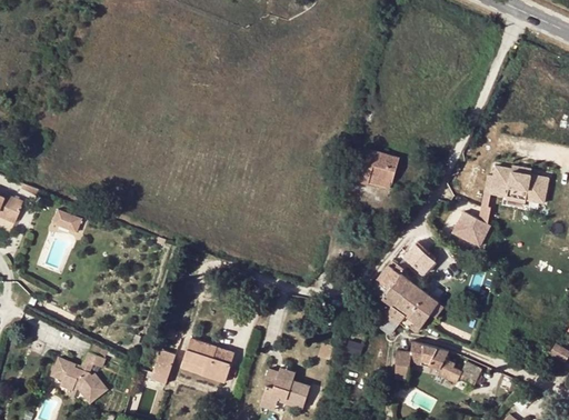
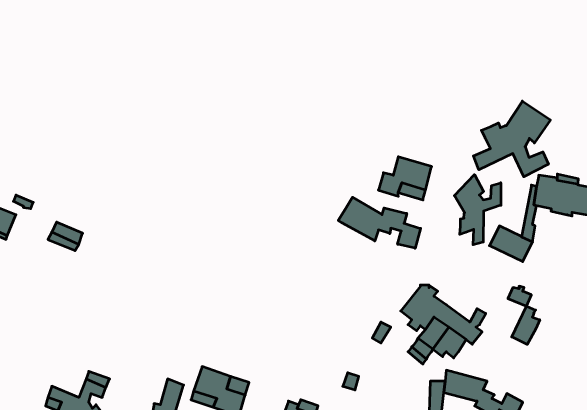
building: none -> [473,101,550,177]
building: none -> [454,175,501,245]
building: none -> [338,197,421,248]
building: [403,243,433,273] -> none
building: none -> [512,306,540,344]

